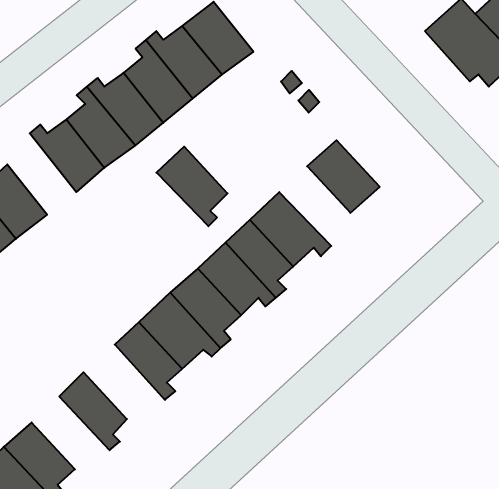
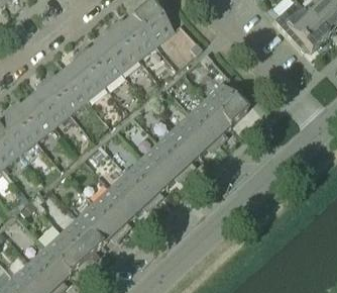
building: none -> [30,79,71,126]
building: [156,147,228,226] -> [189,98,230,144]
building: none -> [75,202,122,246]
building: none -> [44,232,90,275]

